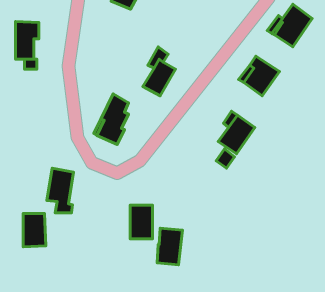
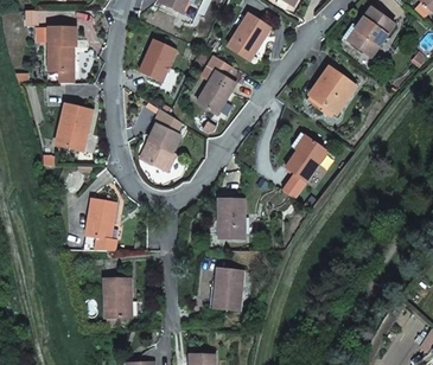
building: none -> [228,13,270,58]
building: none -> [139,39,176,82]
building: none -> [56,103,93,151]
building: [130,205,153,239] -> [218,199,244,238]
building: [23,213,46,247] -> [104,278,130,318]

